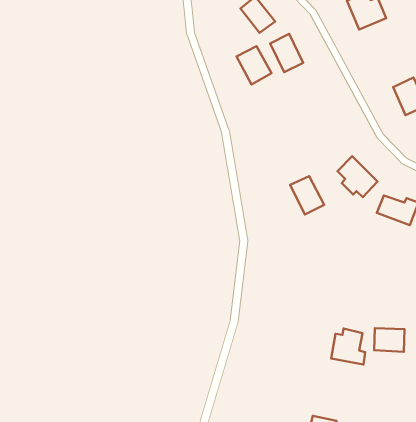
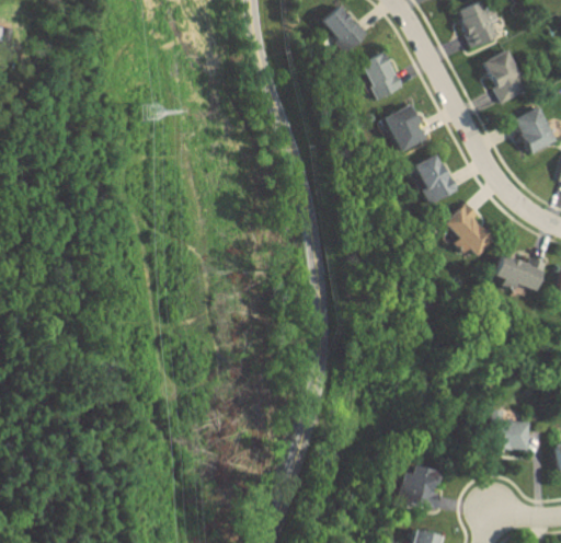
building: none -> [483,50,526,104]
building: [237,46,271,84] -> [382,104,426,152]
building: [290,176,324,215] -> [413,153,456,201]
building: [331,329,365,364] -> [397,465,439,510]

